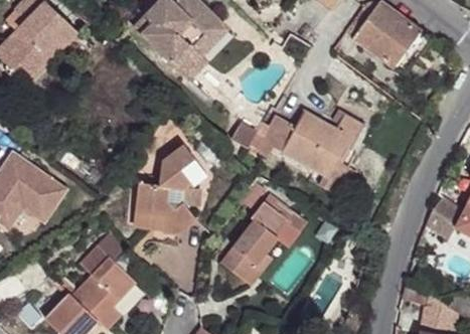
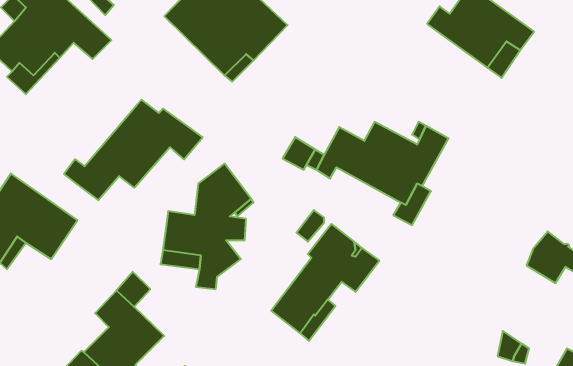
building: none -> [64,100,203,200]

